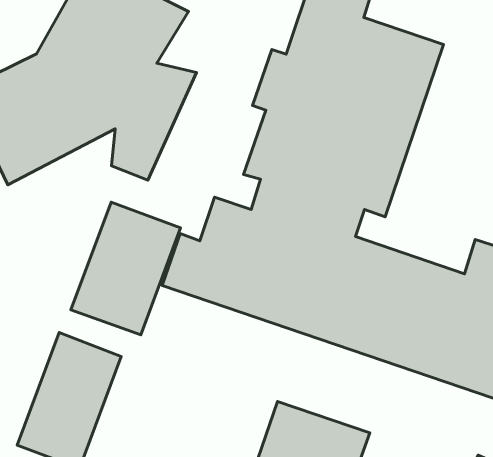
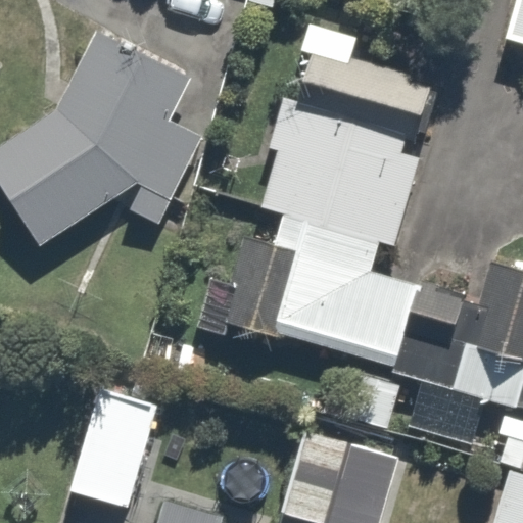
building: [71,202,181,335] -> none

